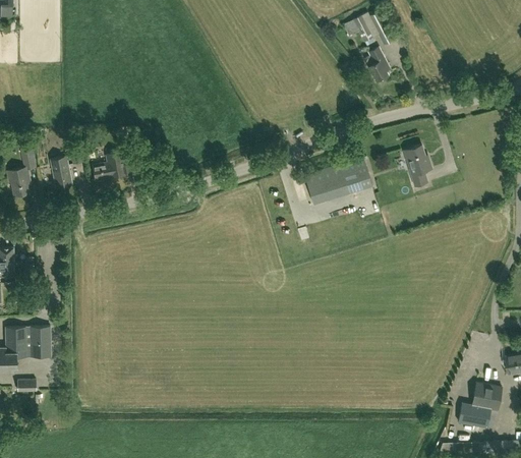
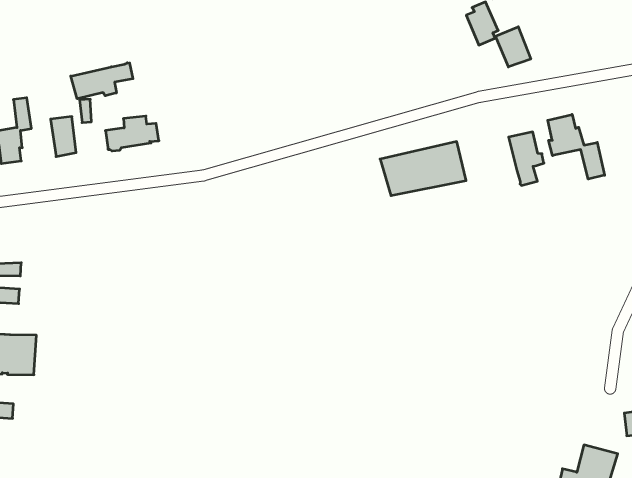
building: none -> [495,27,531,67]
building: none -> [71,63,133,99]
building: none -> [548,114,605,179]

